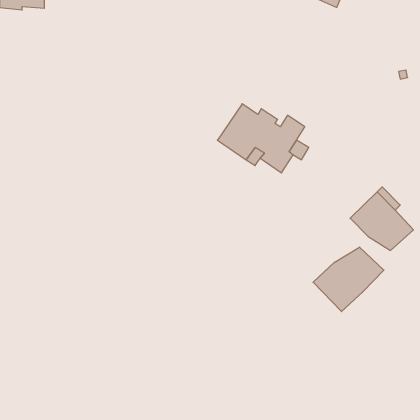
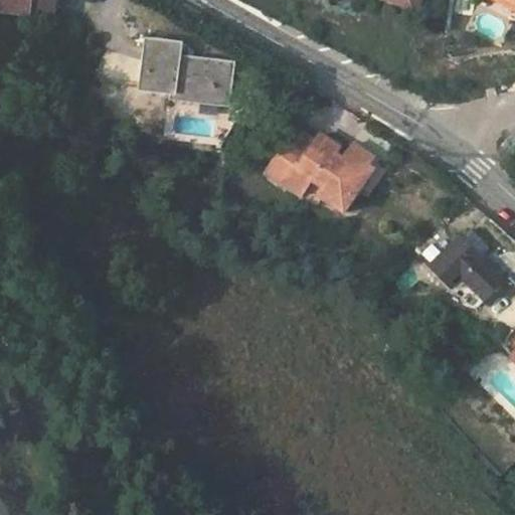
building: none -> [141,38,231,104]
building: [313,247,384,312] -> none

